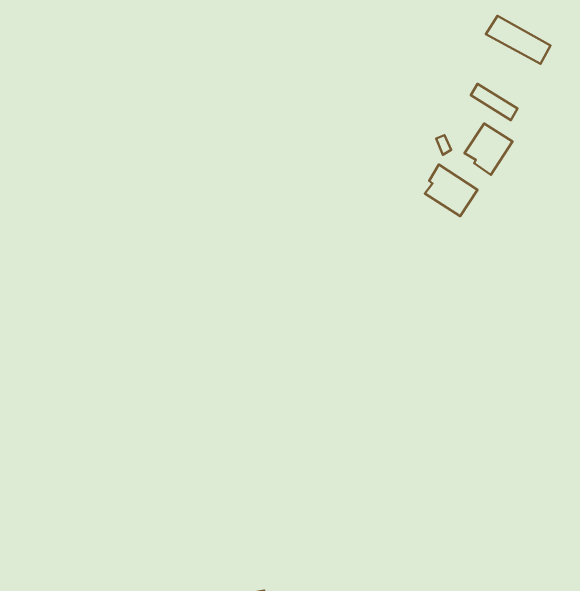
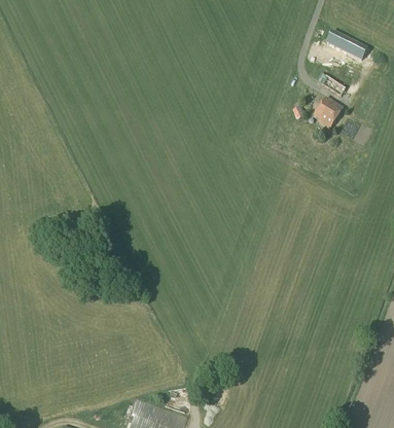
building: [425,165,477,216] -> none

